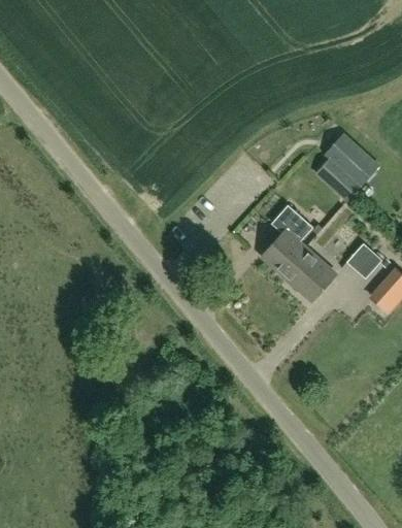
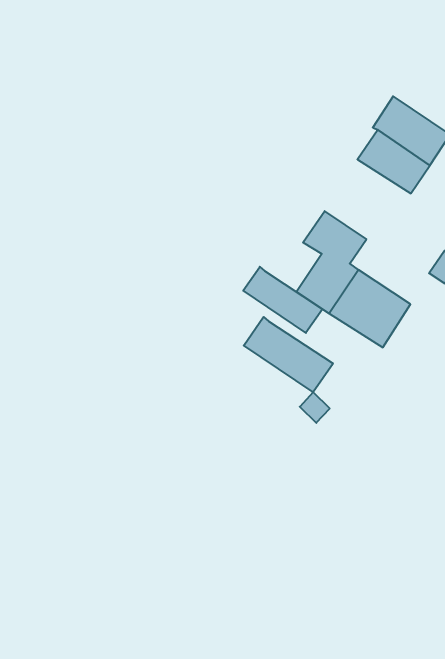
building: none -> [243,267,323,333]
building: none -> [244,317,333,392]

